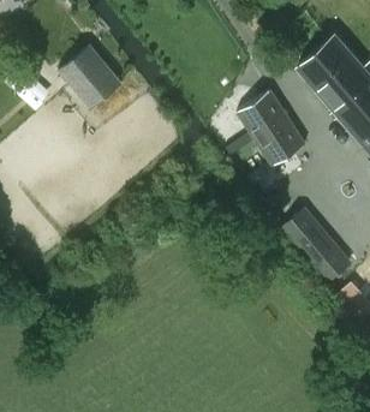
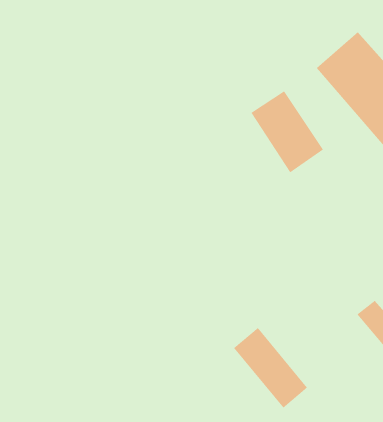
building: [58,44,120,108] -> none
building: [280,208,348,282] -> [233,327,308,409]

